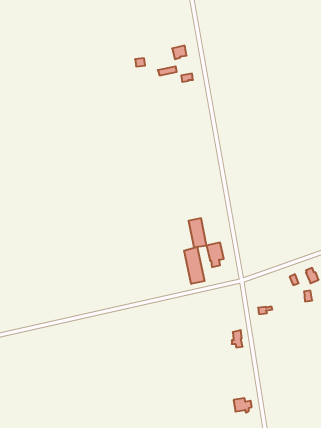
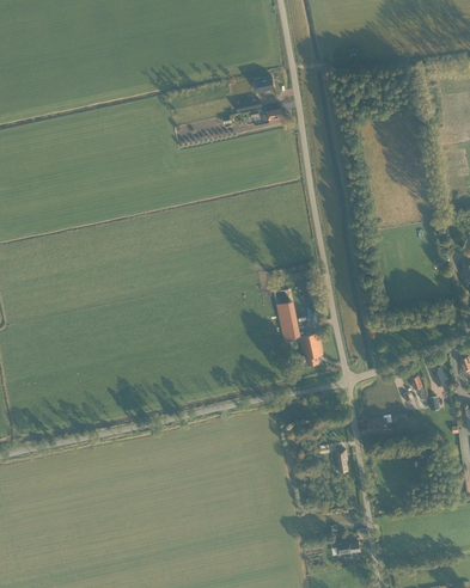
building: [184,247,205,284] -> none

